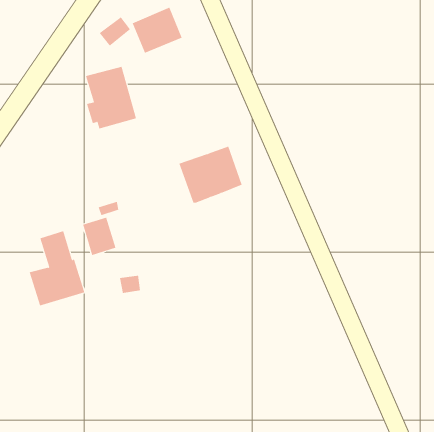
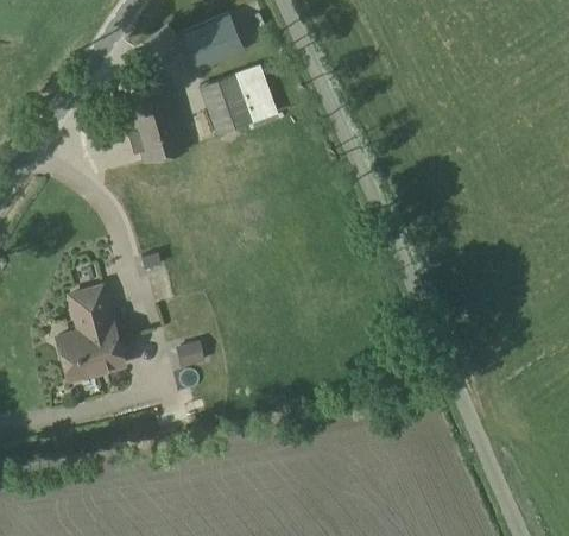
building: [178,146,242,203] -> [198,64,277,134]
building: [82,217,116,256] -> none

